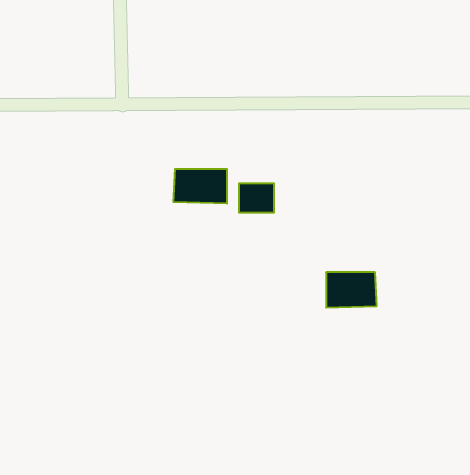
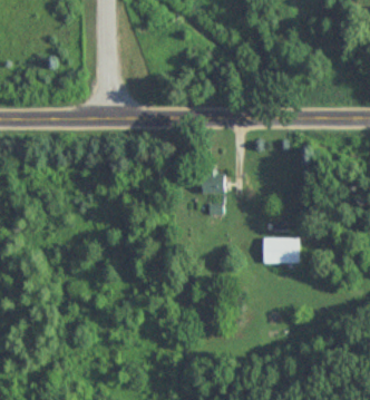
building: [173,169,227,204] -> none

